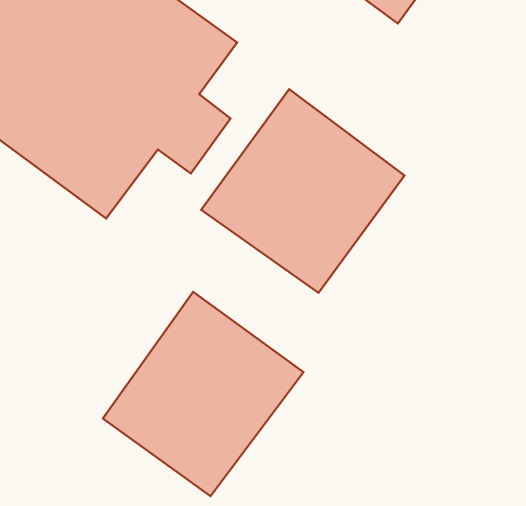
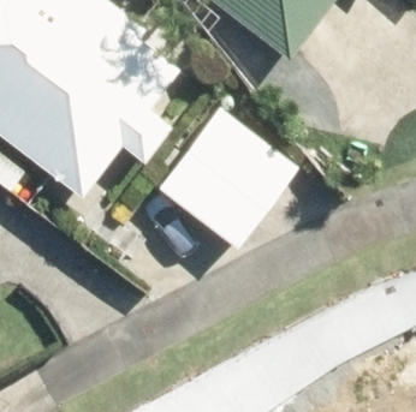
building: [103,292,303,496] -> none

